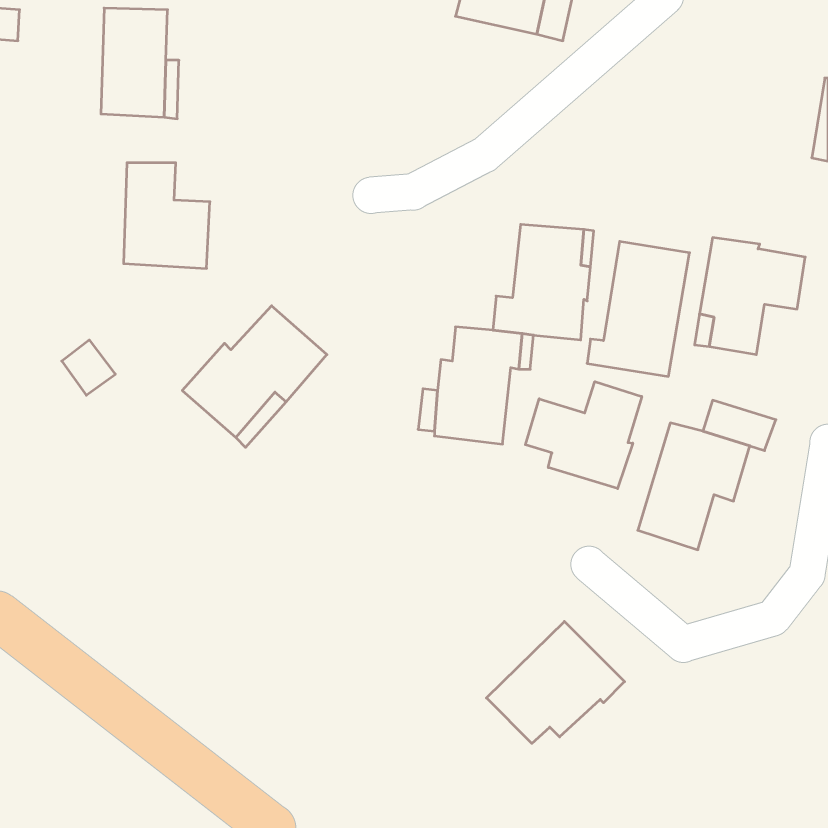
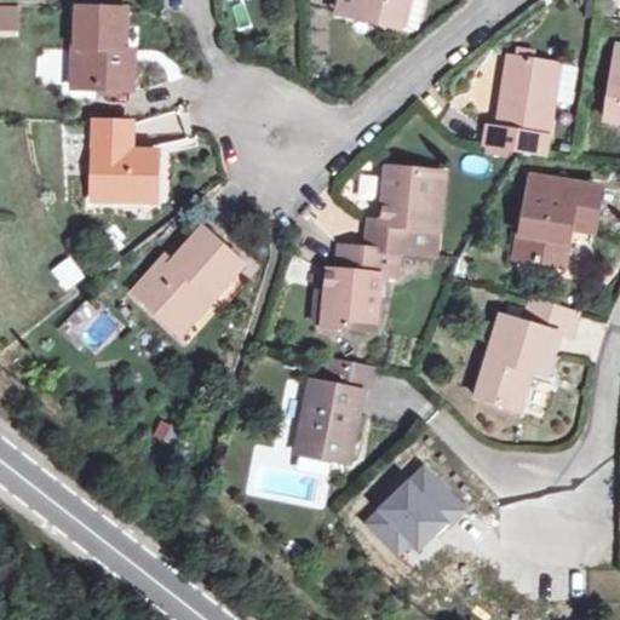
building: [587,241,690,376] -> [483,53,559,154]
building: [525,382,642,489] -> none
building: none -> [295,380,361,464]

